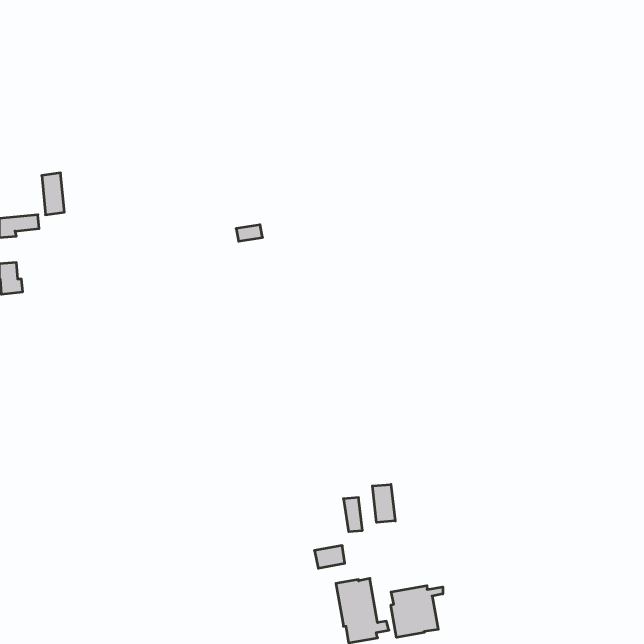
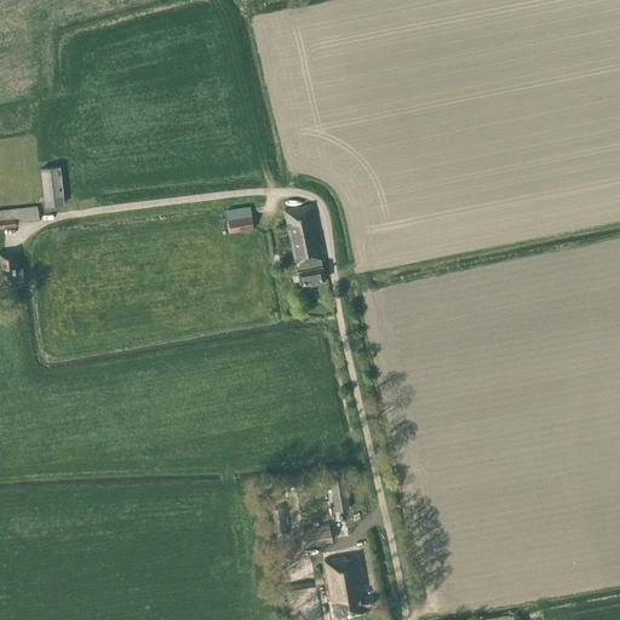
building: none -> [282,206,323,286]
building: [372,484,395,522] -> none
building: [391,586,443,637] -> none

